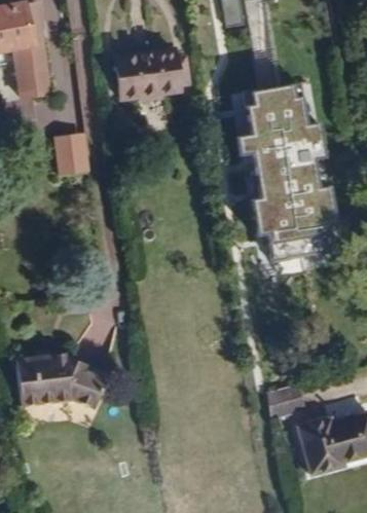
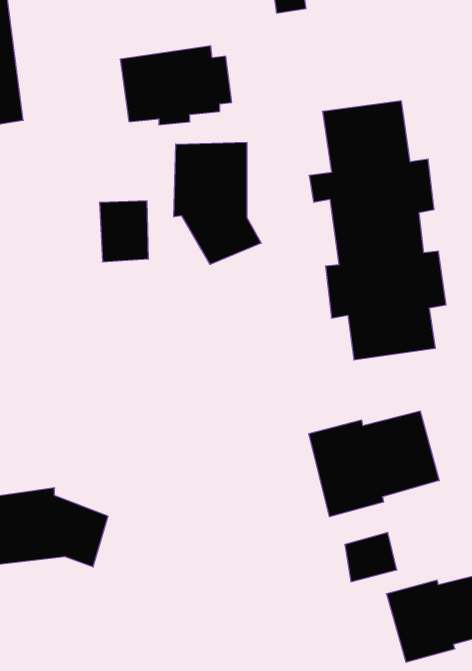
building: none -> [174,142,261,264]
building: [51,131,85,173] -> [99,201,149,262]
building: none -> [309,411,439,517]

